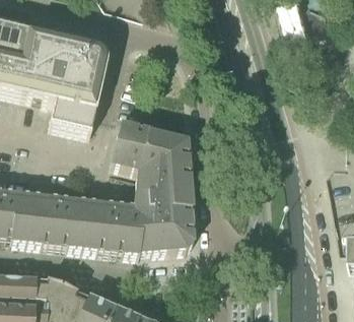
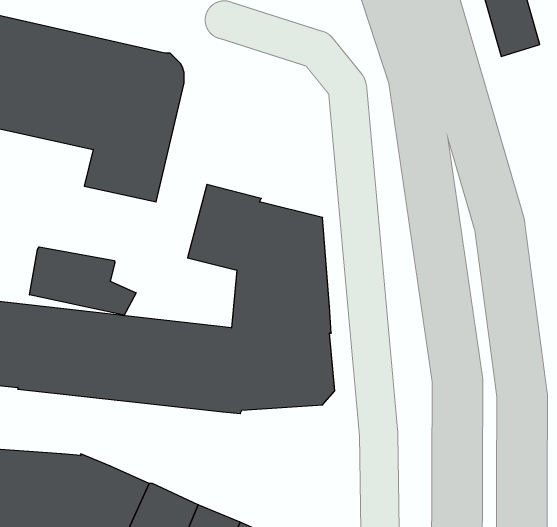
building: none -> [30,247,136,316]

